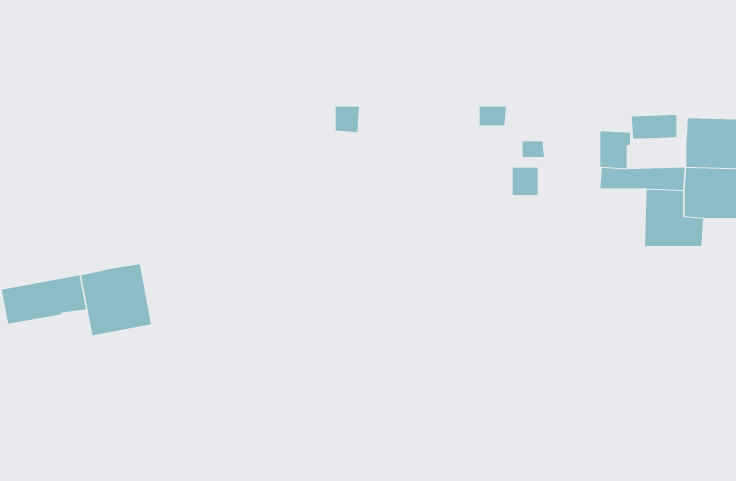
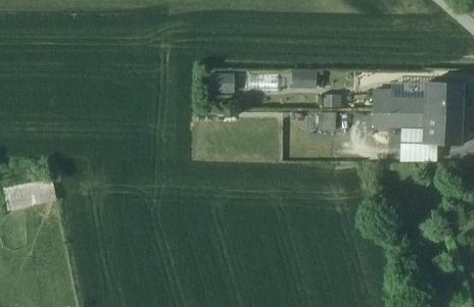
building: none -> [389,97,425,113]
building: [80,263,152,336] -> none

